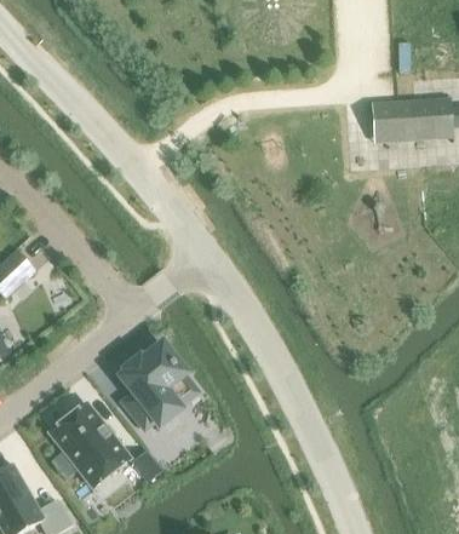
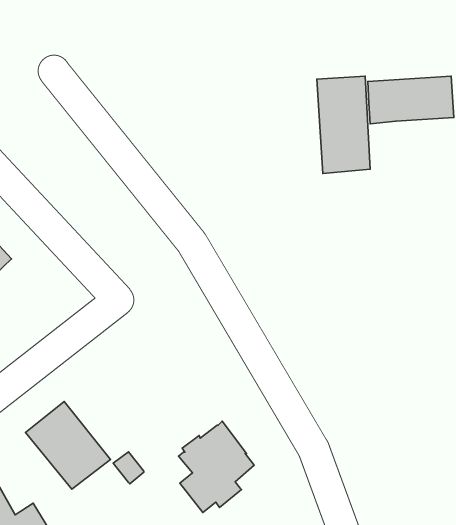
building: none -> [317,76,370,174]
building: [120,343,191,429] -> [178,421,254,513]

